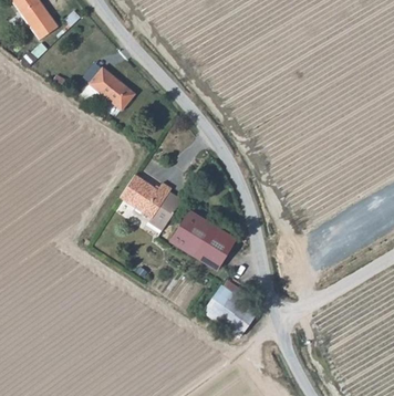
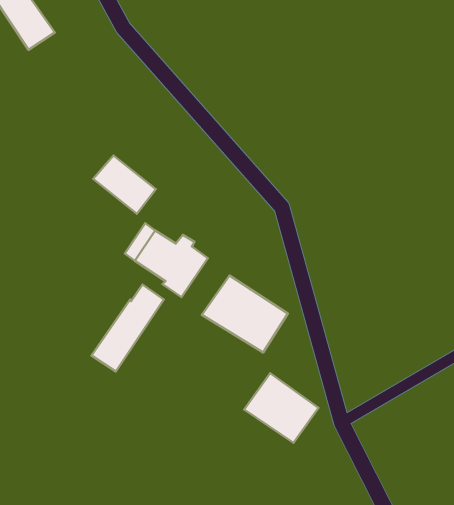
building: [89,67,136,112] -> [93,156,156,214]
building: none -> [91,284,164,372]

